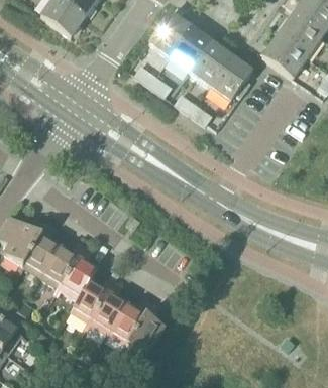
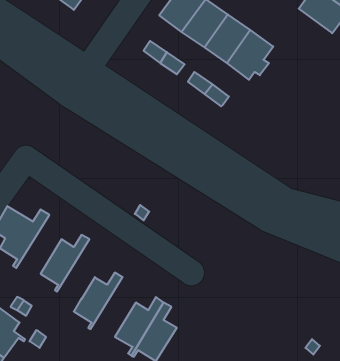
building: [261,35,306,77] -> none
building: [18,223,60,276] -> none
building: [56,245,97,299] -> none
building: [86,279,127,334] -> none

